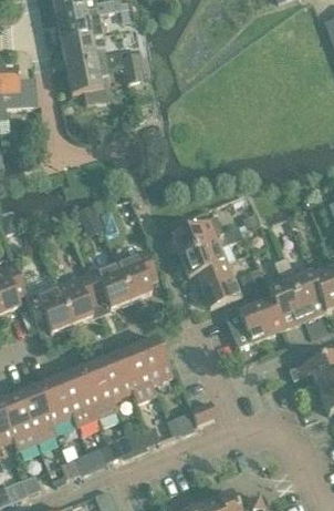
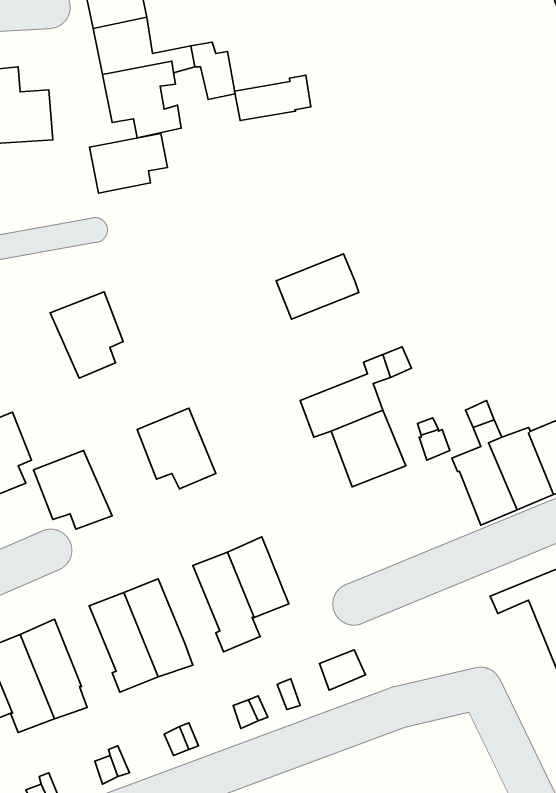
building: none -> [235,75,311,120]
building: none -> [89,133,168,193]
building: [171,219,219,257] -> [276,254,359,319]
building: [116,249,157,299] -> none
building: [55,274,97,324] -> [50,292,123,378]
building: [226,298,284,348] -> none
building: [98,352,134,398] -> none
building: [39,376,74,422] -> none

